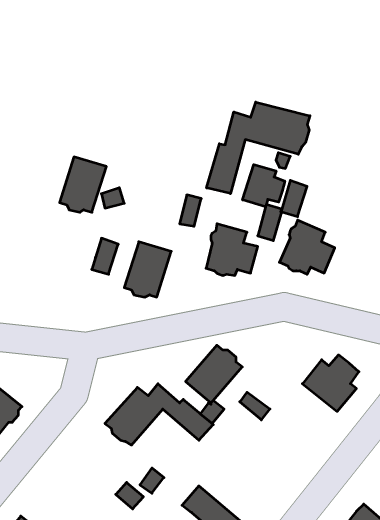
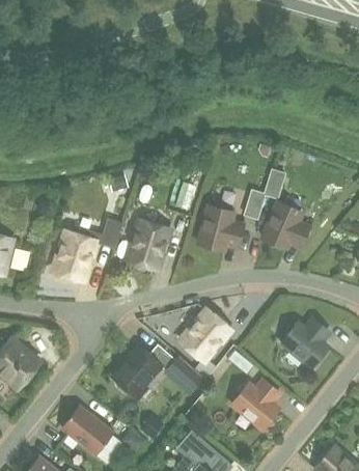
building: [207,102,310,194] -> none
building: [60,157,106,212] -> [54,232,94,280]
building: [243,165,285,207] -> none
building: none -> [231,380,281,428]
building: none -> [61,406,112,454]

